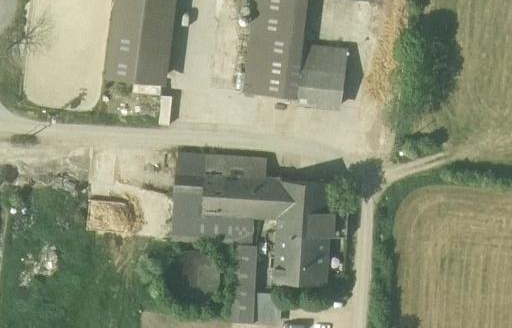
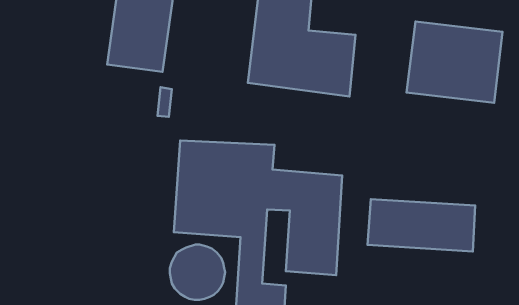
building: none -> [406,21,502,103]
building: none -> [368,199,475,251]

